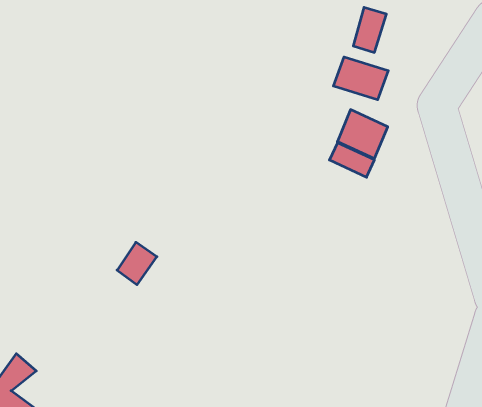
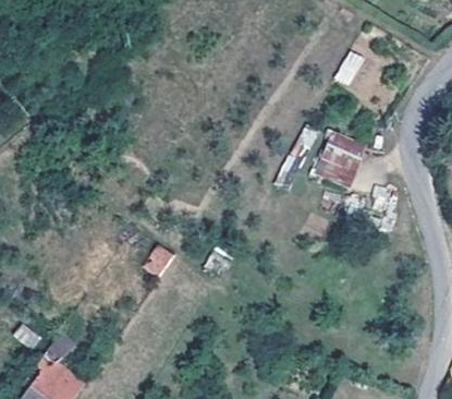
building: [333,57,388,100] -> none

